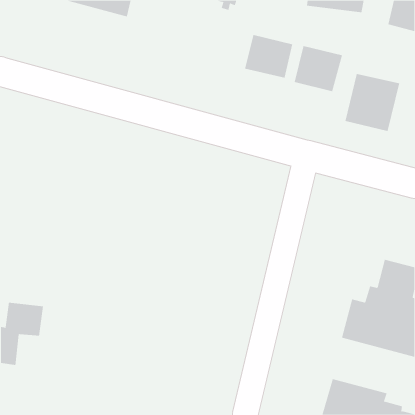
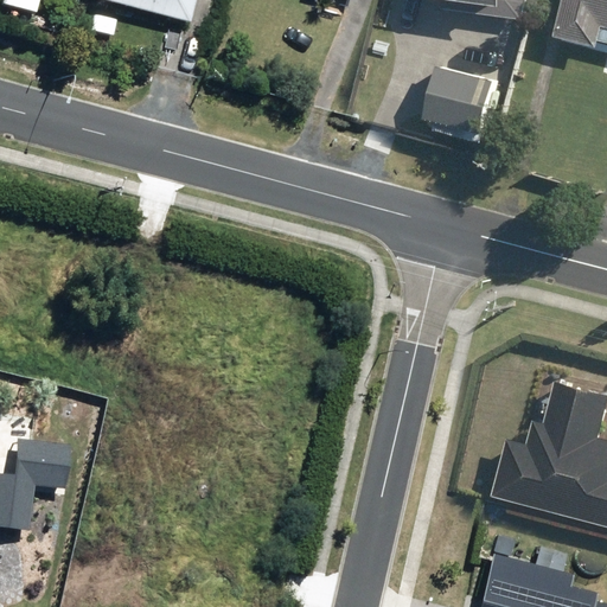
building: [245,34,293,78] -> none
building: [345,73,400,132] -> none

